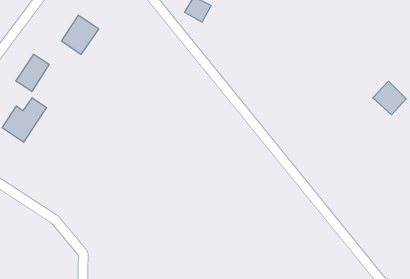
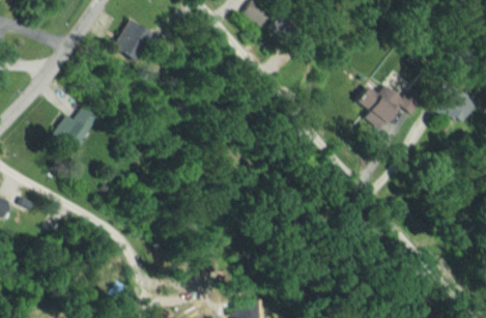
building: [16,54,49,92] -> none
building: none -> [360,85,423,131]

